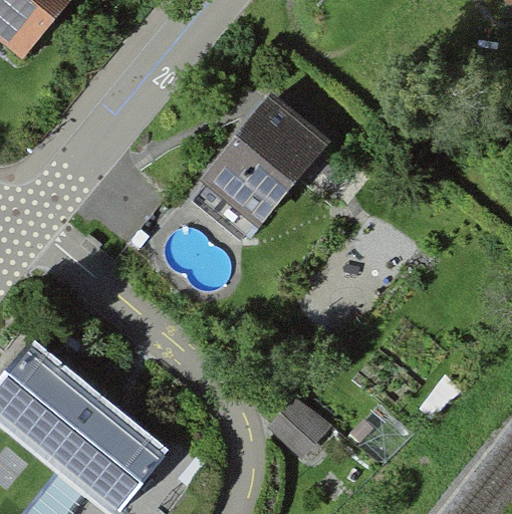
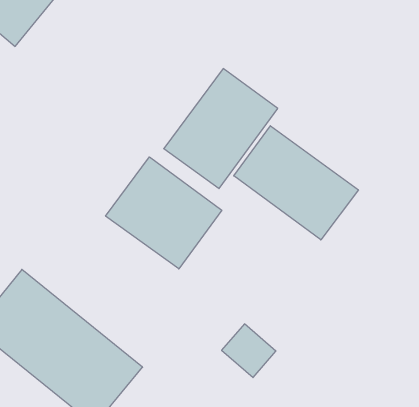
building: none -> [234,126,358,240]
building: none -> [106,157,222,269]

